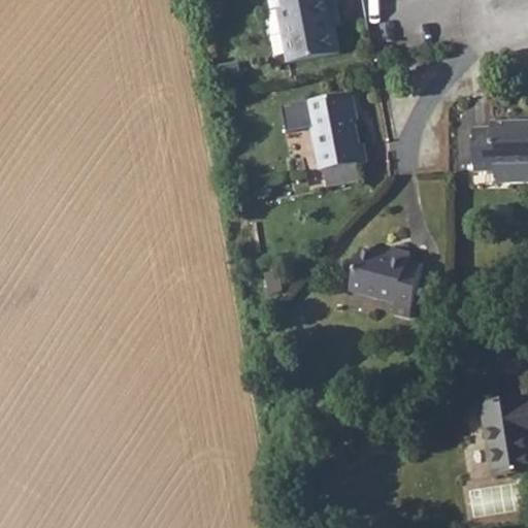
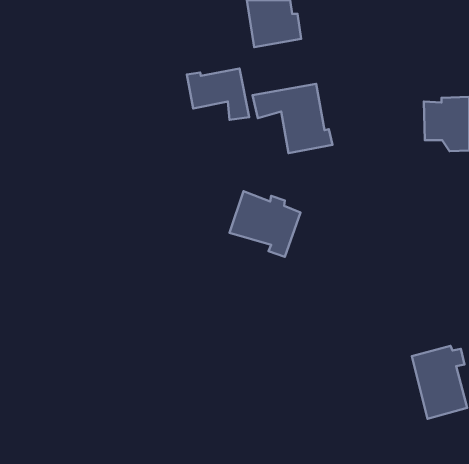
building: none -> [187,68,249,120]
building: [346,239,426,312] -> [230,191,301,257]

